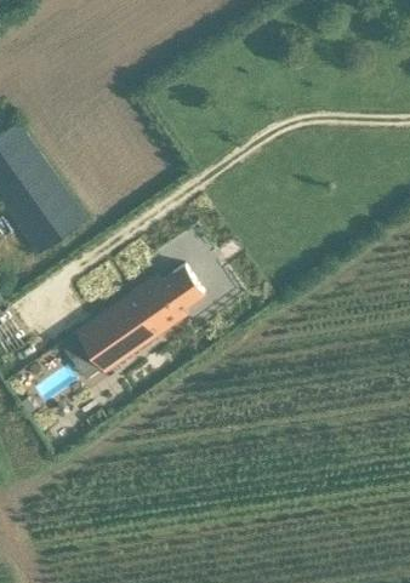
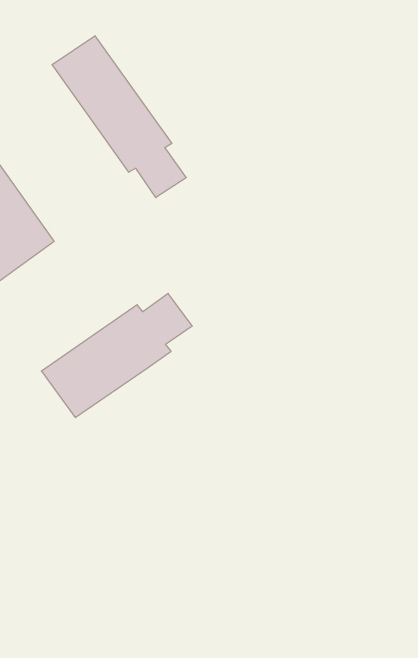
building: none -> [52,36,186,198]

